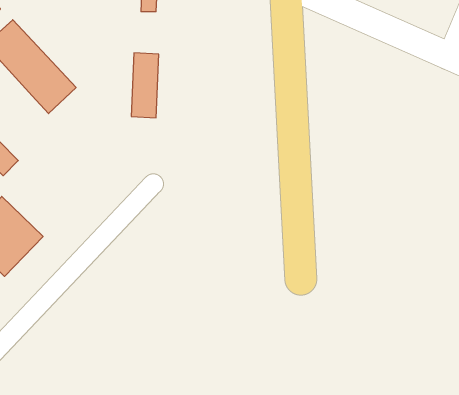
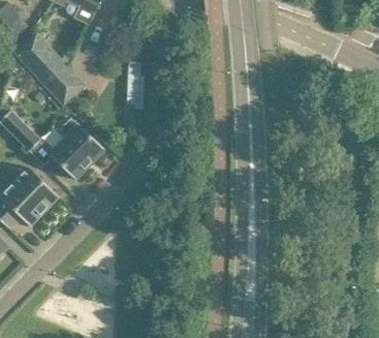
building: none -> [51,119,105,181]

